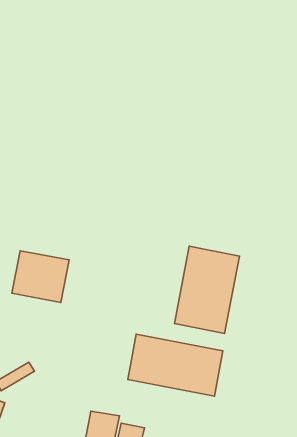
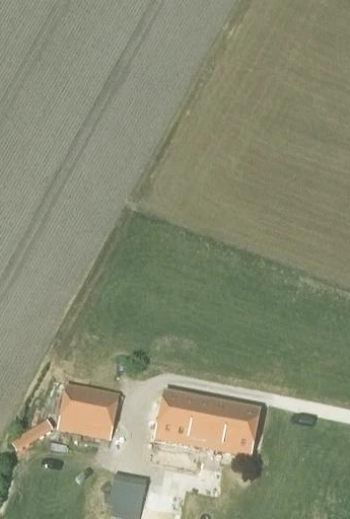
building: [174,246,239,333] -> none
building: [12,251,69,303] -> [56,382,119,439]

